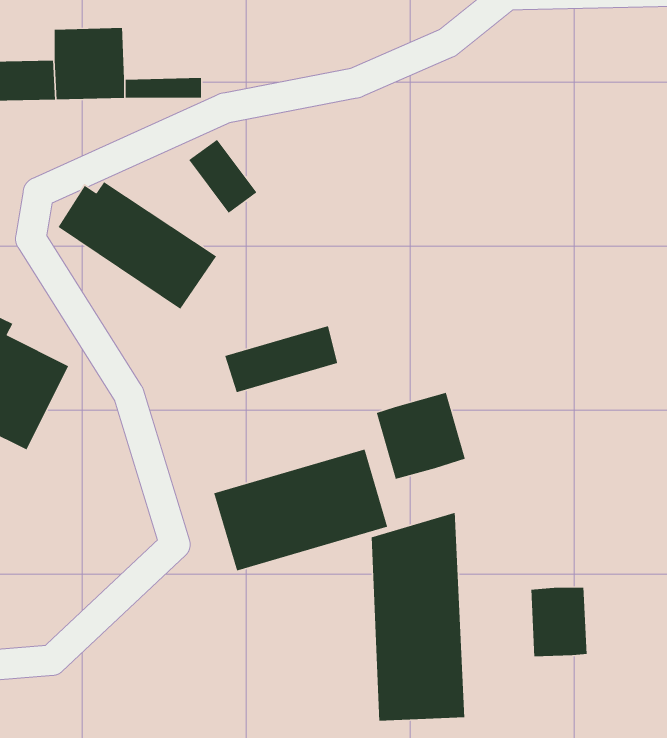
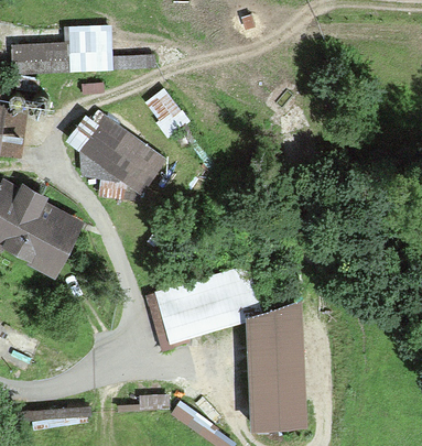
building: [224,325,338,393] -> none
building: [376,392,466,480] -> none
building: [530,587,587,657] -> none

